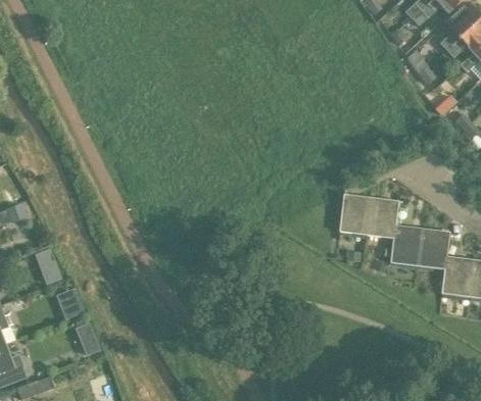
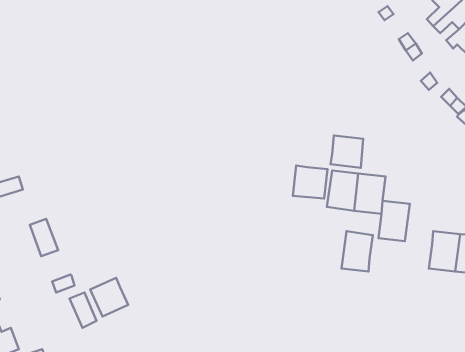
building: none -> [330,136,363,168]
building: none -> [293,166,327,198]
building: [417,229,448,269] -> [341,231,373,271]
building: none -> [90,278,128,317]

